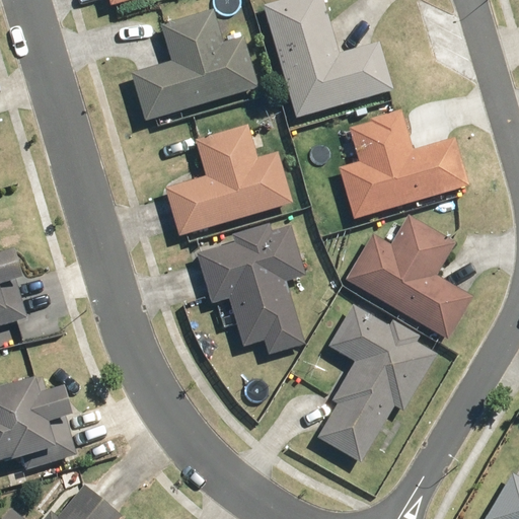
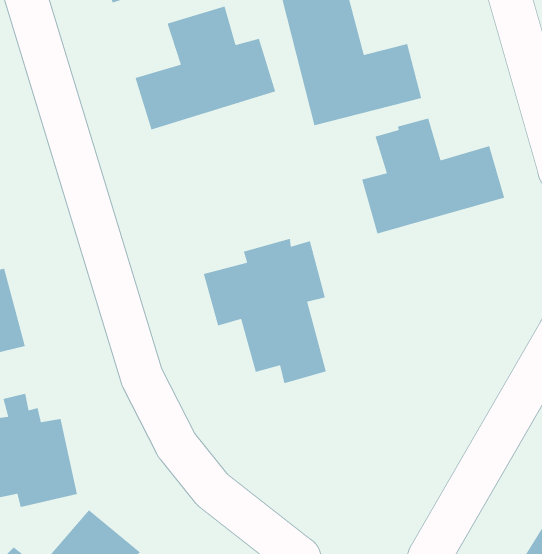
building: [160,125,293,239] -> none
building: [346,217,468,338] -> none
building: [315,304,436,462] -> none

